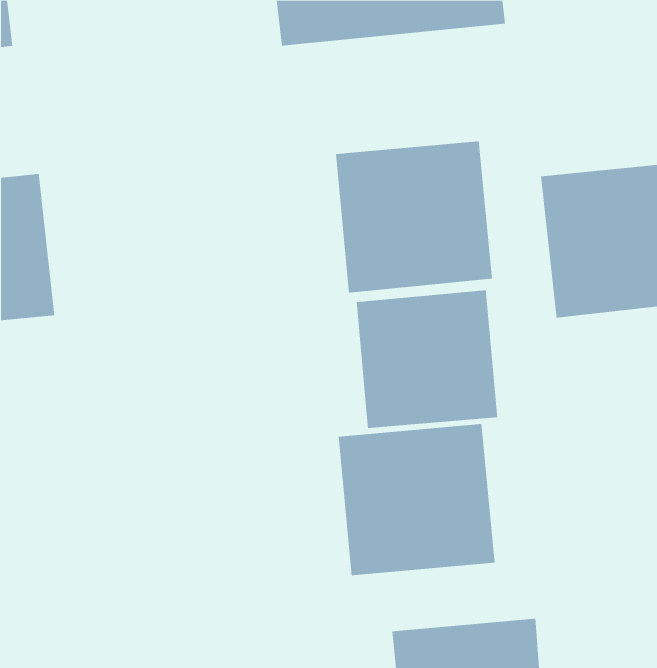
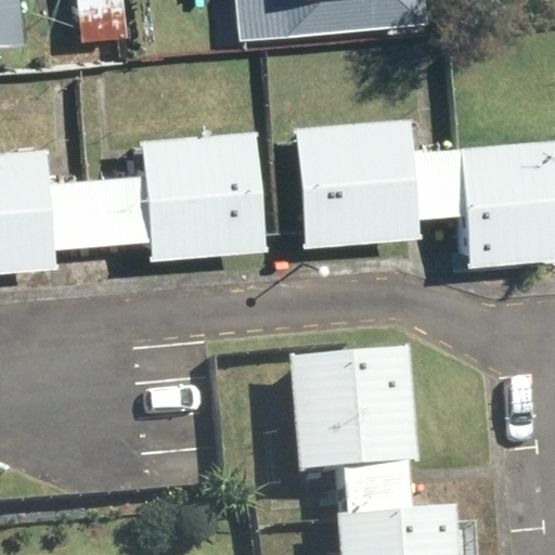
building: none -> [137,131,267,257]
building: [356,289,498,429] -> none

